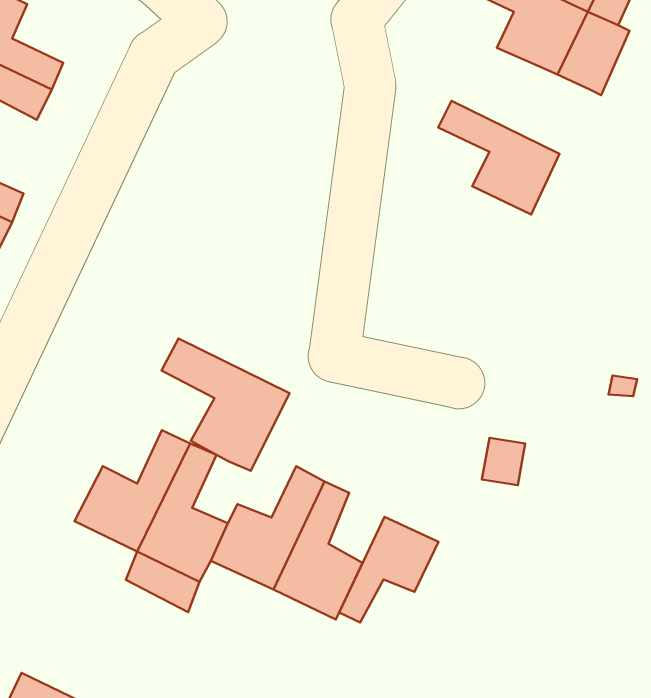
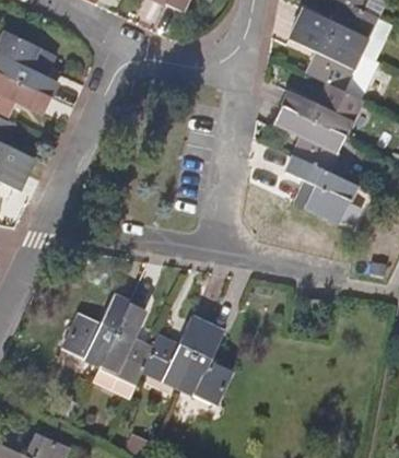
building: none -> [282,82,362,134]
building: none -> [286,153,357,221]
building: [161,339,289,471] -> none
building: [339,517,439,623] -> none

